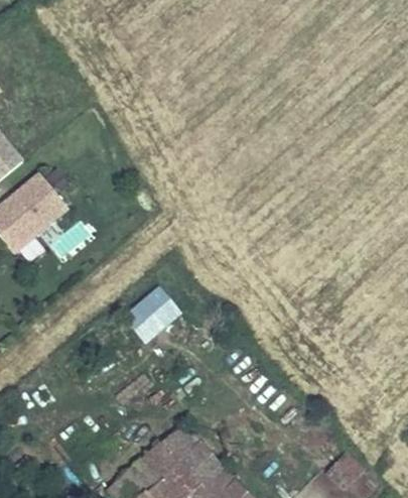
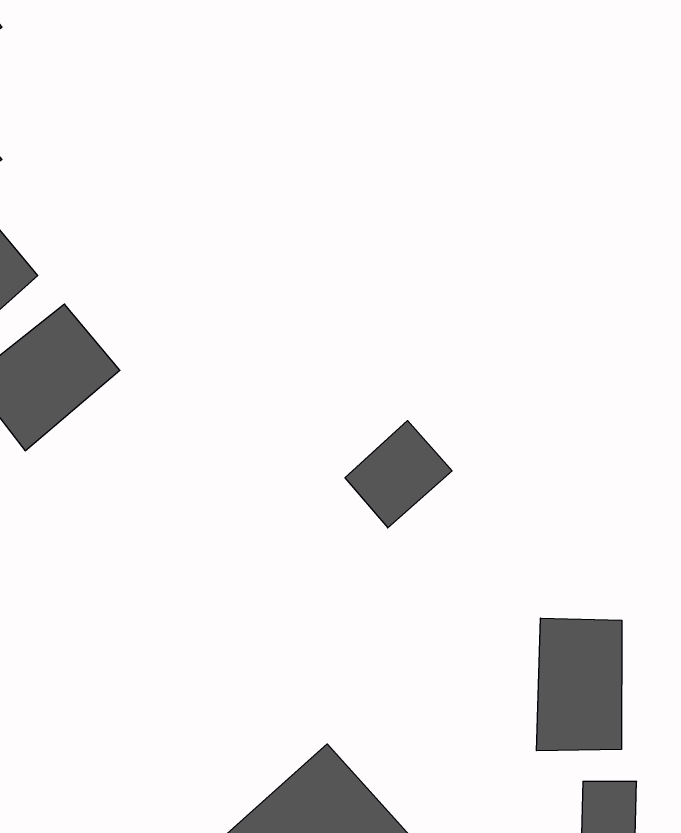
building: [121,279,181,340] -> [345,421,452,528]
building: none -> [536,618,622,751]

